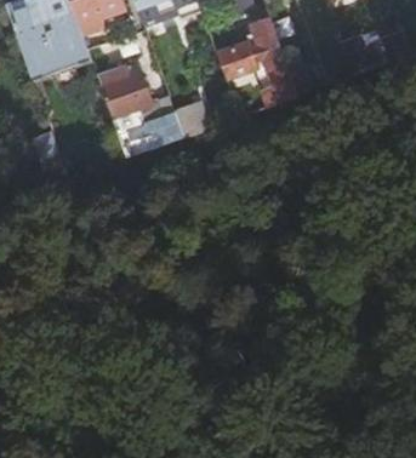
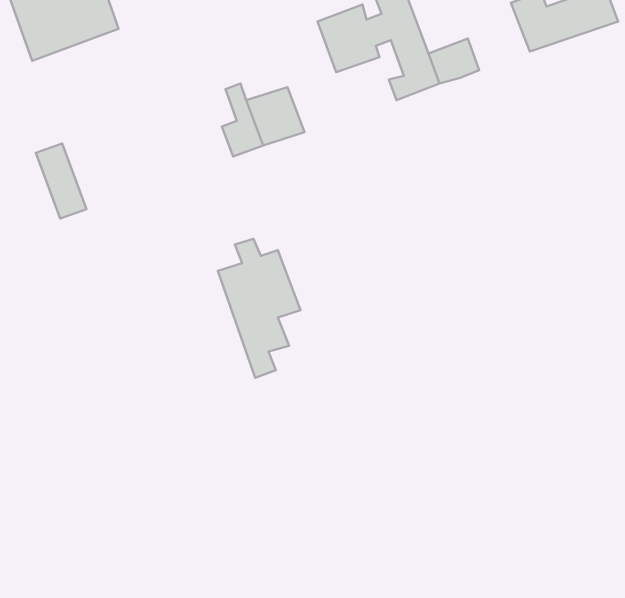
building: [98,63,152,153] -> [218,239,300,378]

